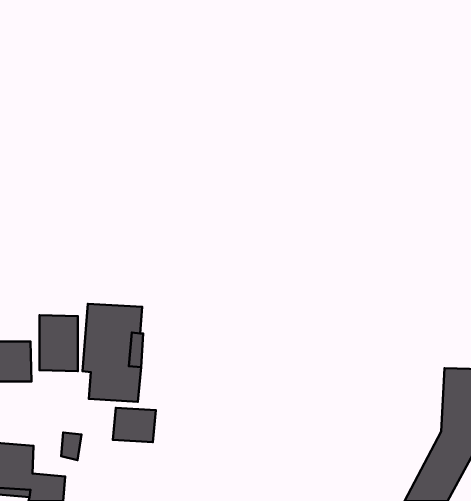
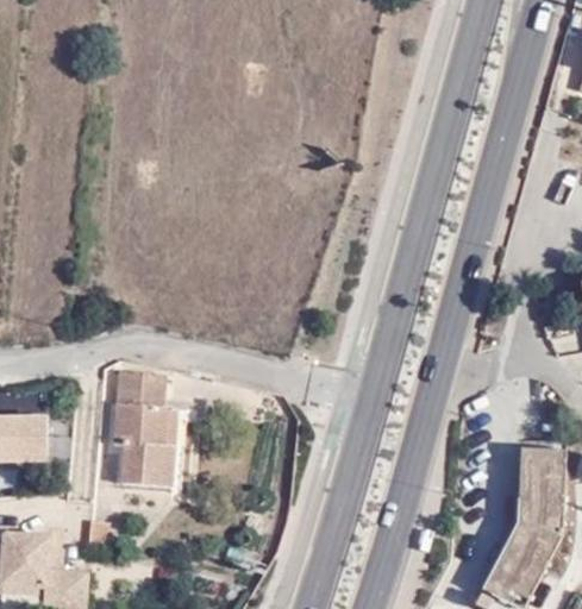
building: [40,315,78,371] -> none
building: [113,408,156,442] -> none

